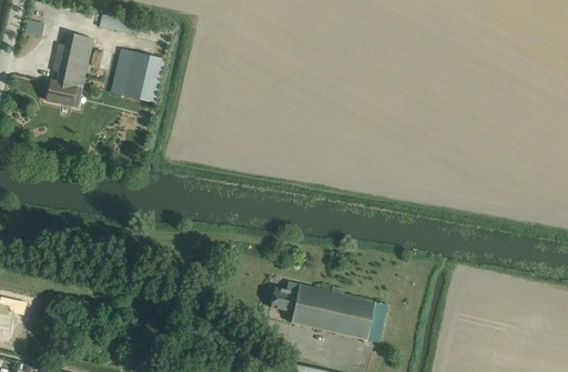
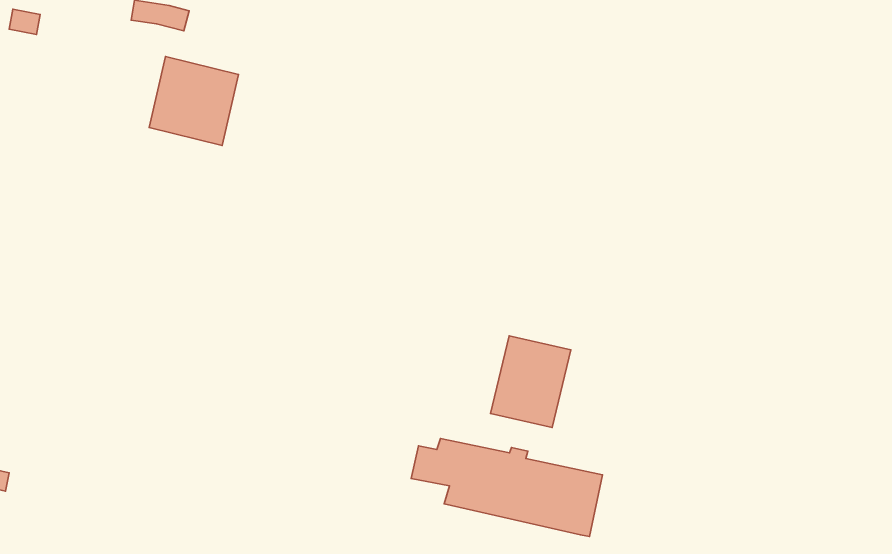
building: [47,32,93,105] -> none
building: none -> [490,336,571,427]

